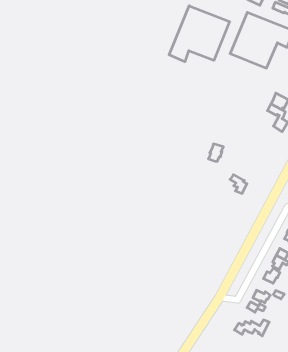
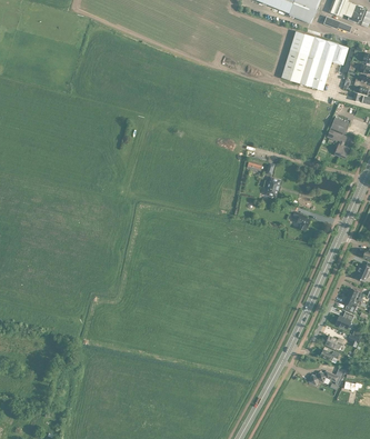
building: [169,6,230,62] -> none

